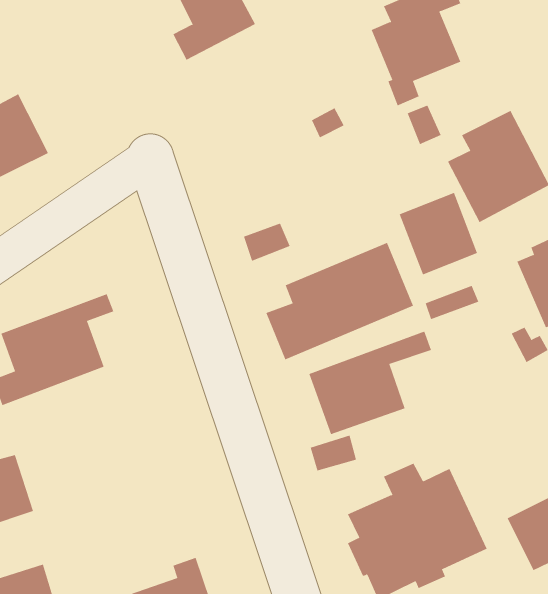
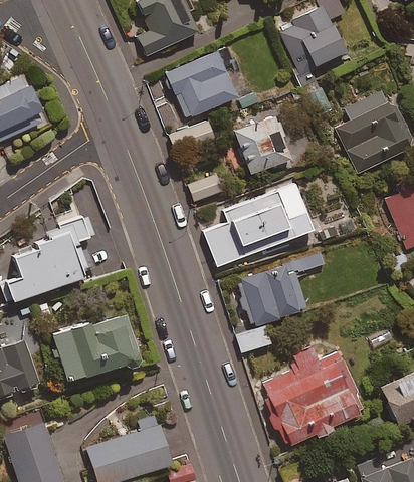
building: none -> [166,46,237,117]
building: [399,192,478,275] -> [232,112,289,173]
building: none -> [53,314,141,386]

